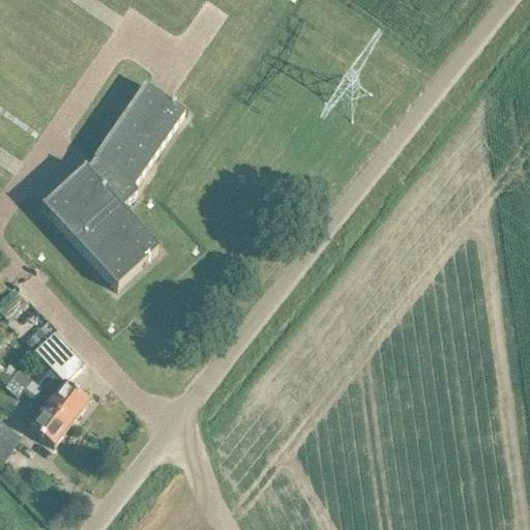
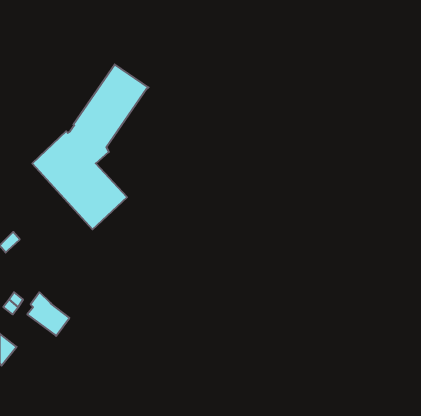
building: [33,330,84,381] -> none
building: [28,394,70,444] -> none

